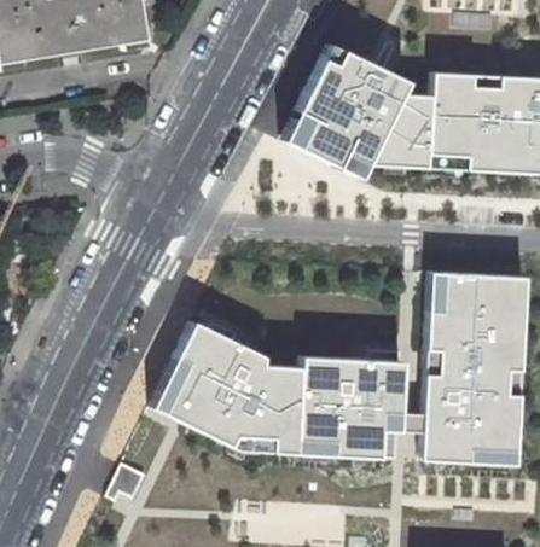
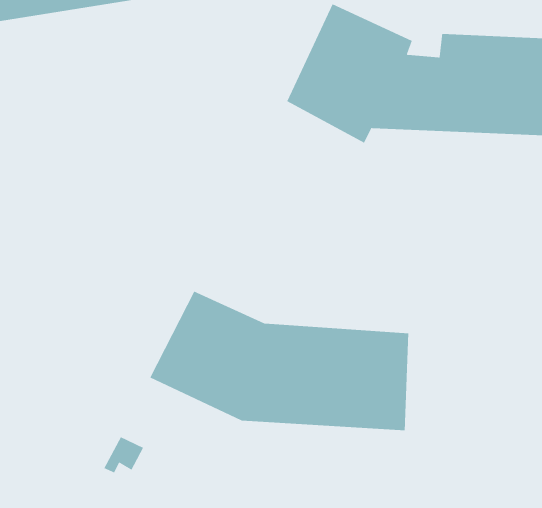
building: [424,272,526,462] -> none

